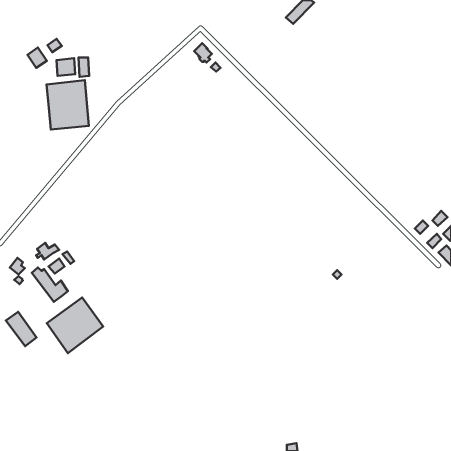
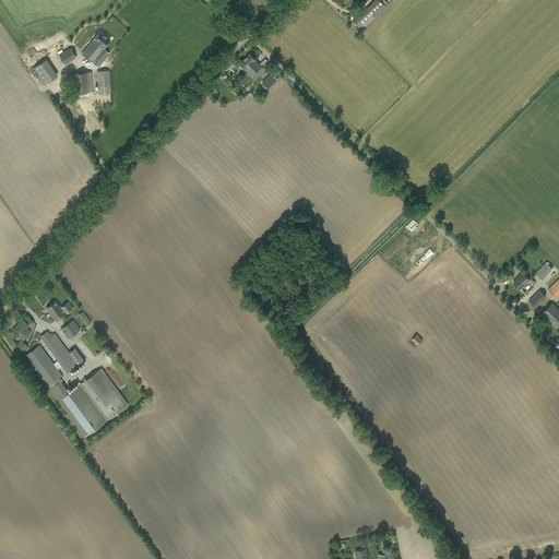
building: none -> [82,32,110,67]
building: [46,80,89,129] -> none
building: [6,312,37,346] -> [24,345,62,388]

